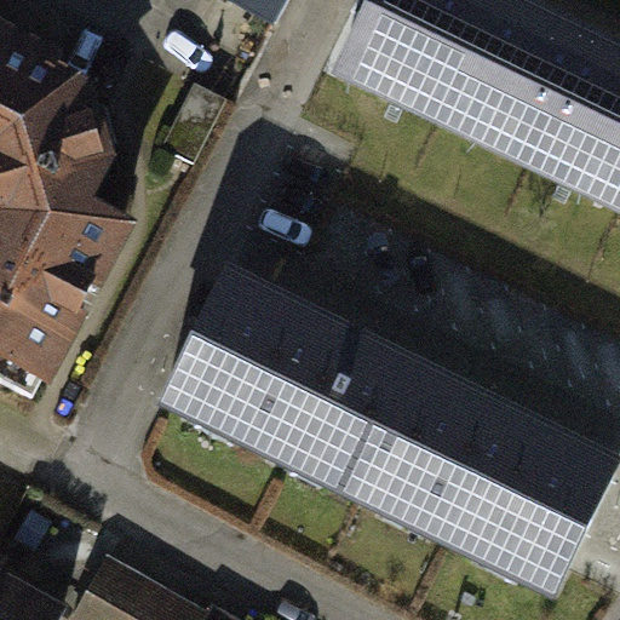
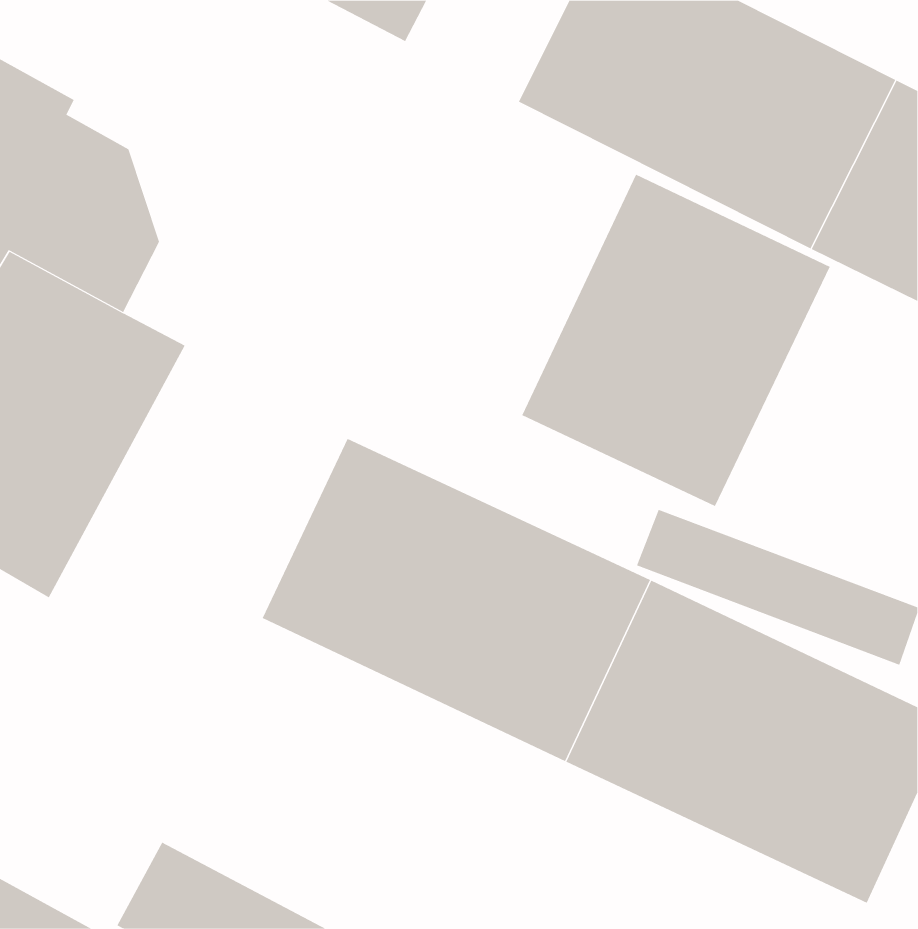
building: none -> [521,174,831,507]

